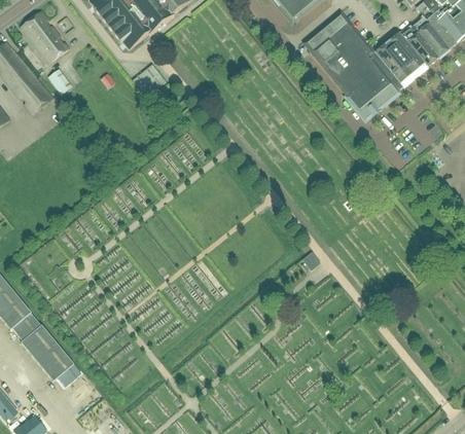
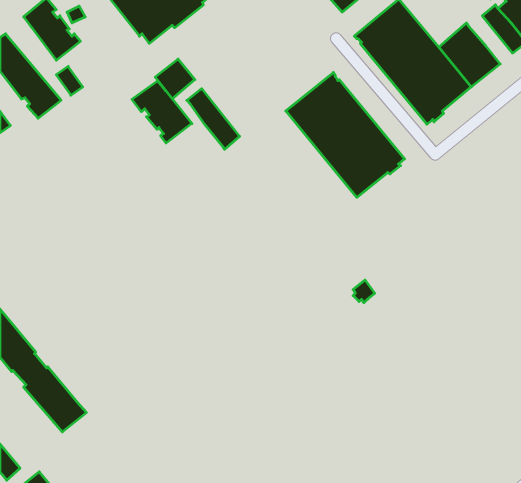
building: [398,24,437,67] -> none
building: none -> [286,72,405,197]
building: none -> [132,81,192,143]
building: none -> [187,89,240,149]

